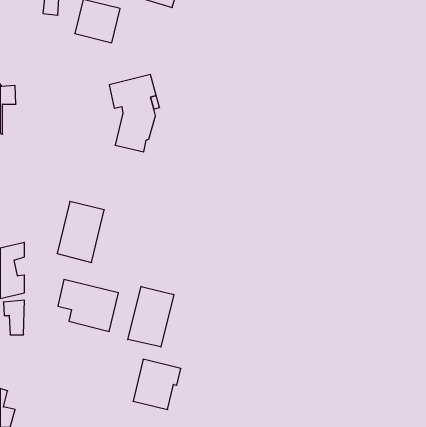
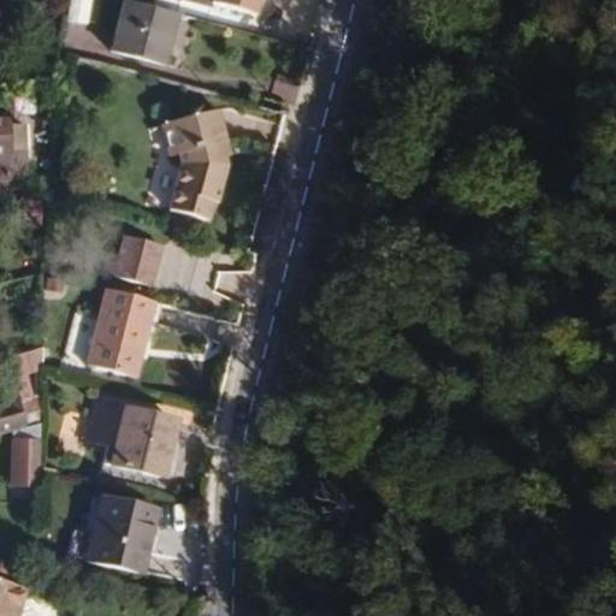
building: none -> [102,233,160,284]
building: [128,286,174,347] -> none
building: [133,359,181,410] -> [88,497,156,569]

